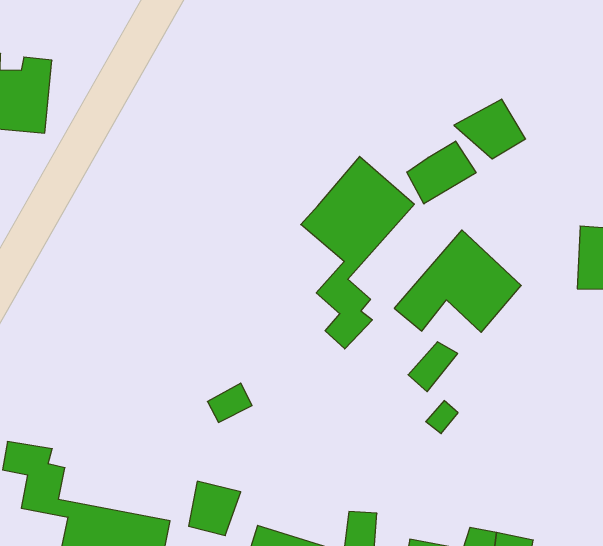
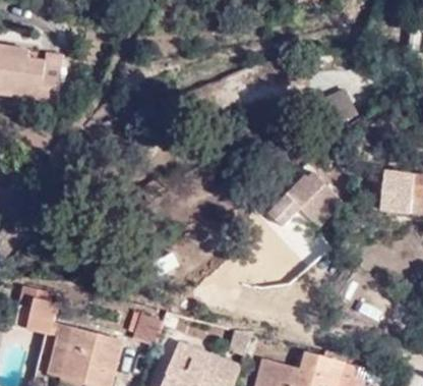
building: [407,141,476,204] -> none
building: [301,156,414,349] -> none

